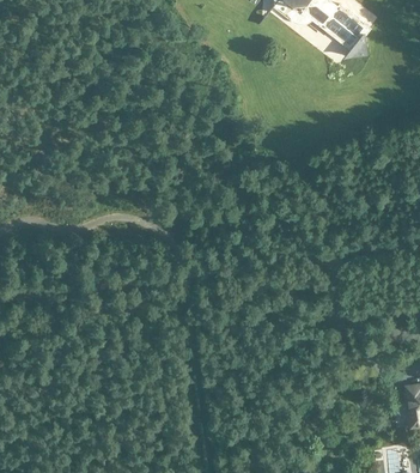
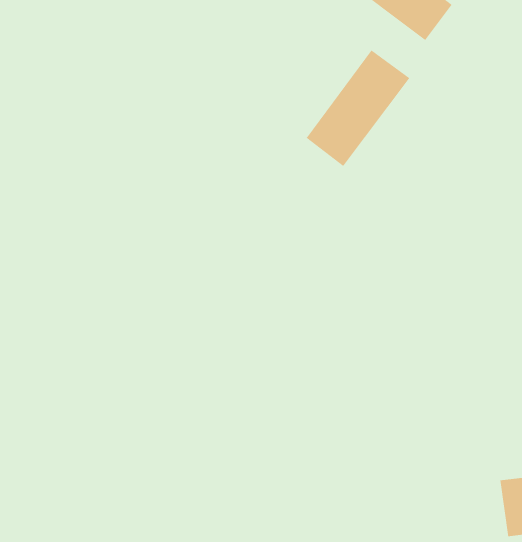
building: none -> [306,50,410,167]

